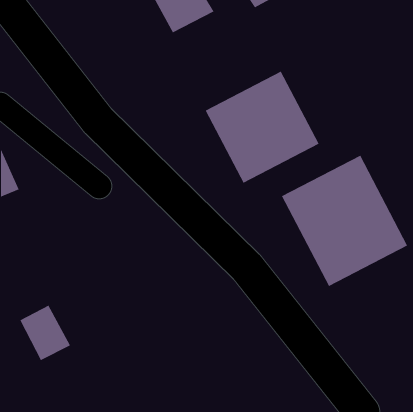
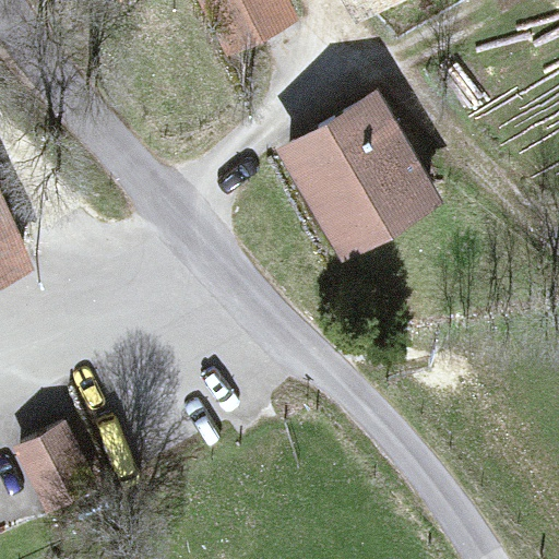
building: [281,155,408,287] -> none

